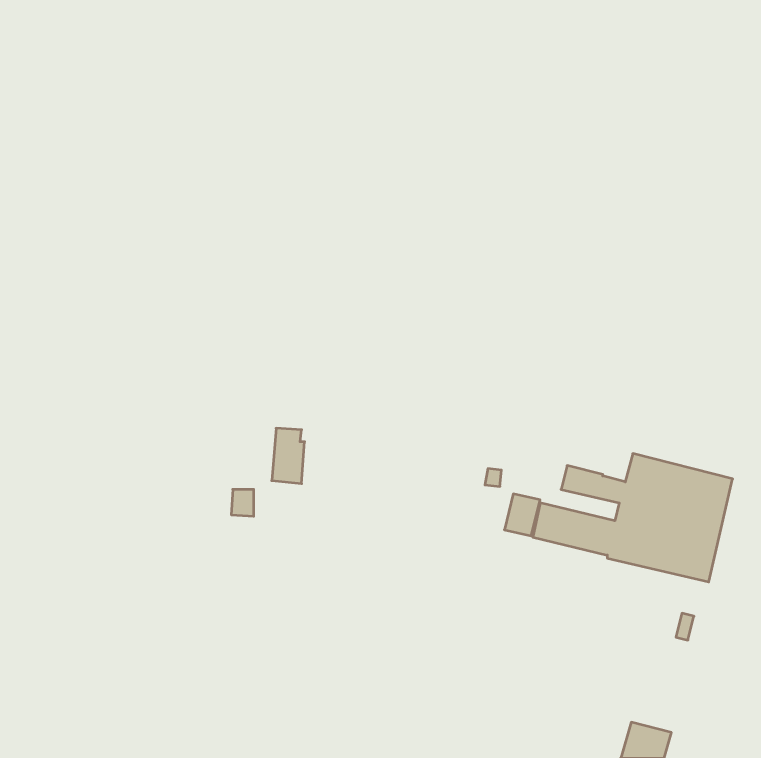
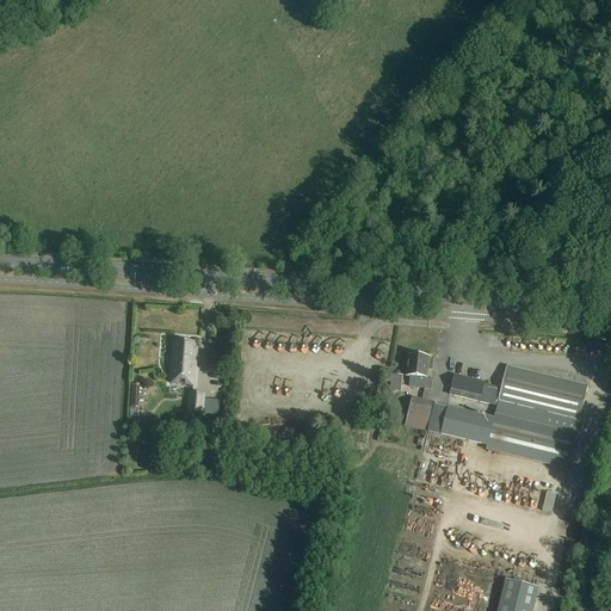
building: [272,428,305,484] -> [168,339,195,383]
building: none -> [405,351,428,383]

